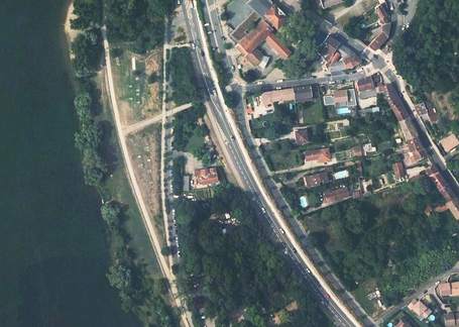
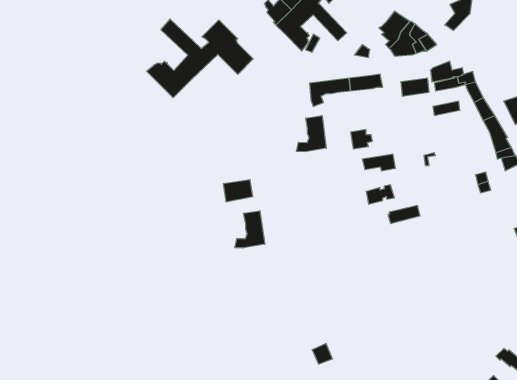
building: none -> [147,19,253,98]
building: none -> [296,116,326,152]
building: none -> [235,211,265,248]

